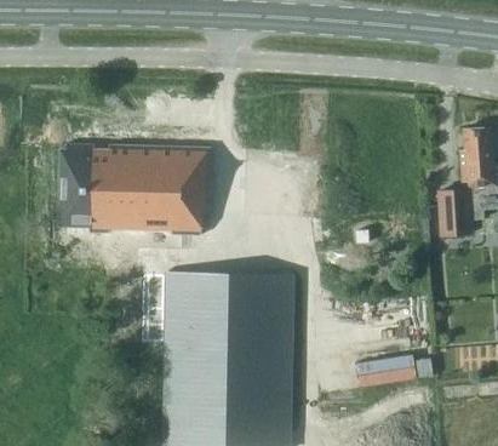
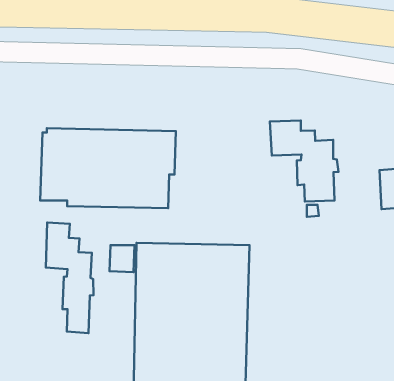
building: none -> [270,120,339,202]
building: none -> [46,222,94,333]

